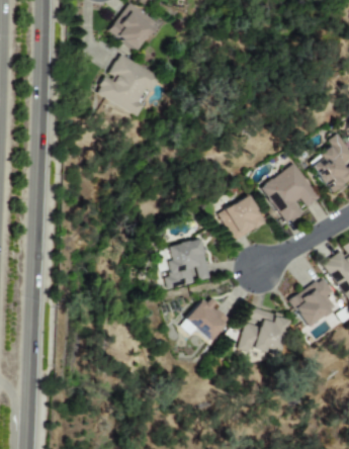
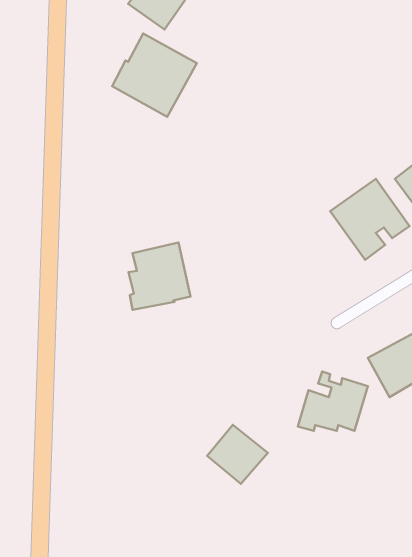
building: [219,195,265,241] -> none
building: [165,238,211,288] -> [129,242,191,310]
building: [185,296,231,341] -> [207,425,268,484]

